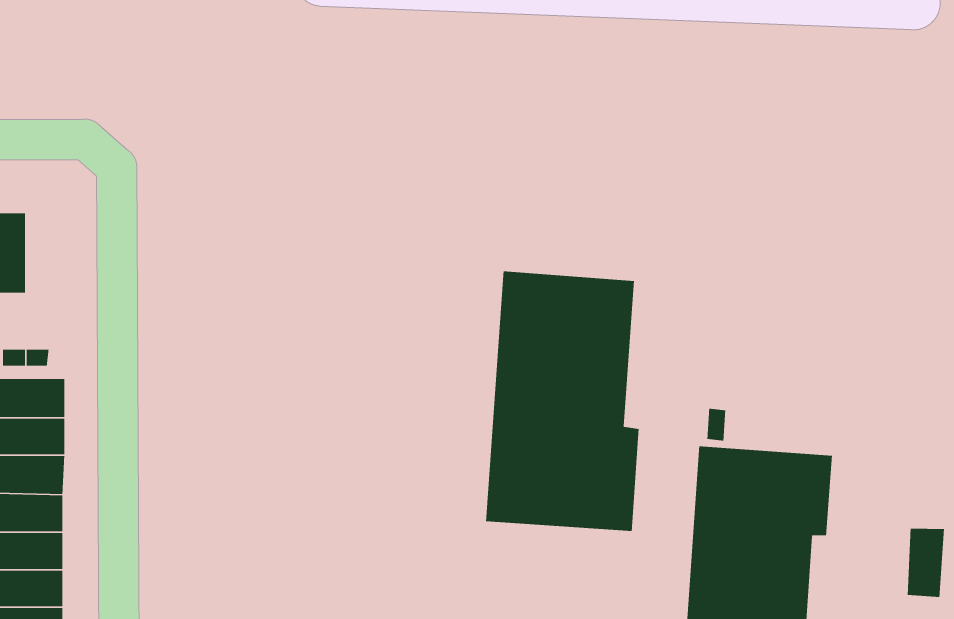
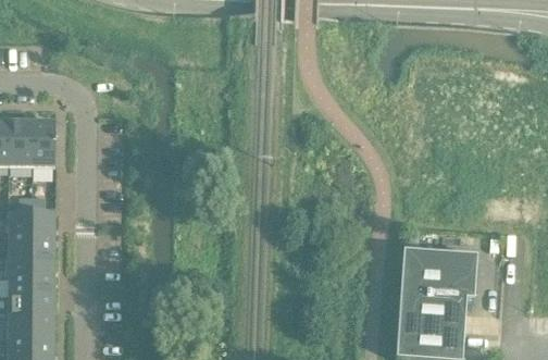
building: none -> [33,121,54,165]
building: [485,271,640,532] -> none
building: [907,528,945,598] -> none

